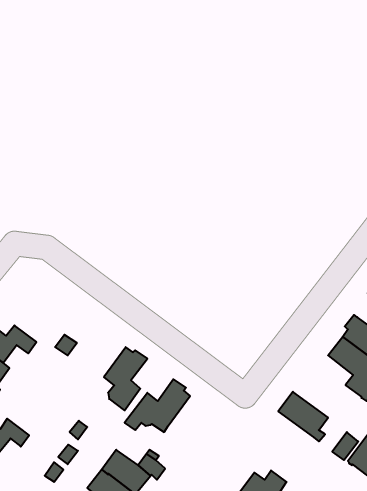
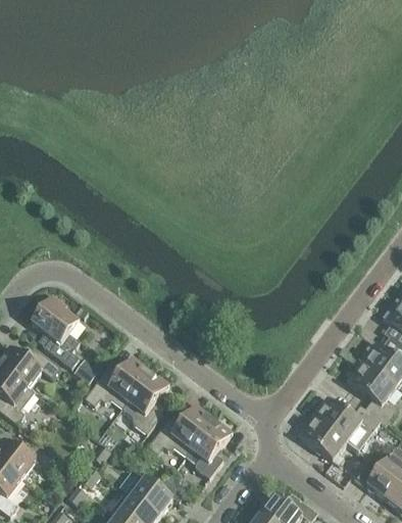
building: none -> [31,295,79,369]
building: none -> [84,356,148,409]
building: none -> [312,397,380,451]
building: none -> [190,421,233,479]

